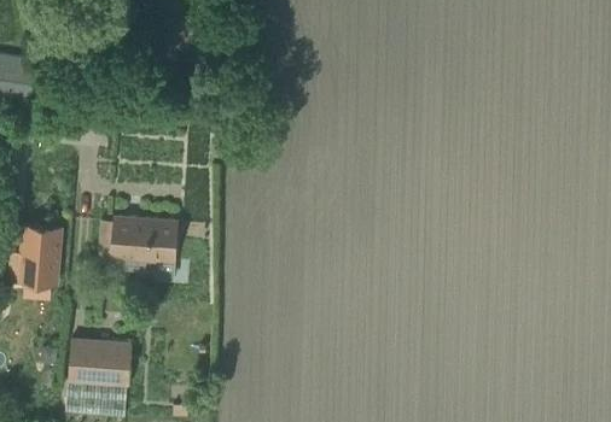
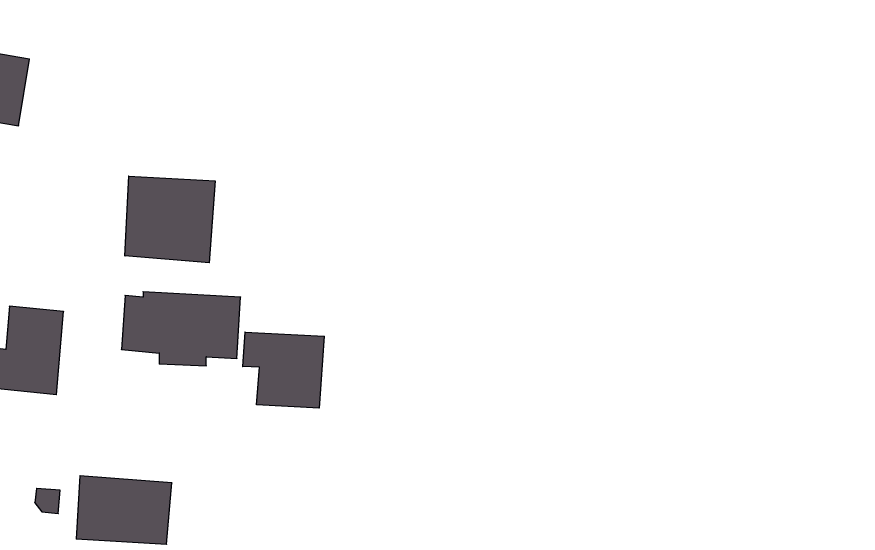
building: none -> [125,176,215,263]
building: none -> [243,332,324,408]

